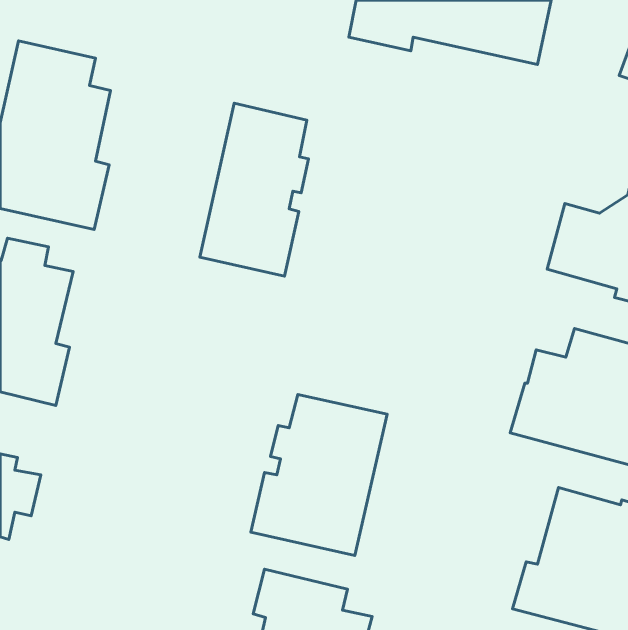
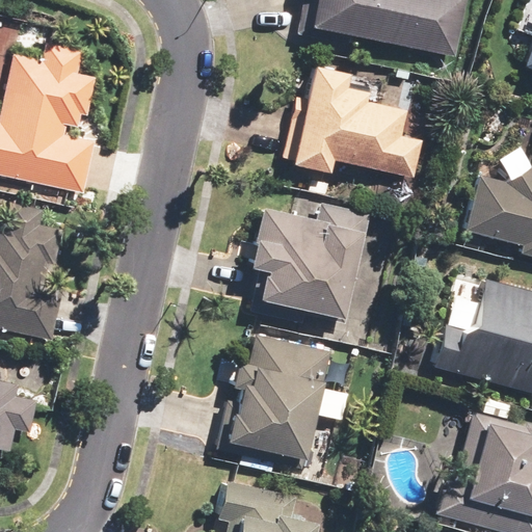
building: none -> [283,63,422,178]
building: [200,103,308,276] -> none
building: none -> [248,202,371,323]

